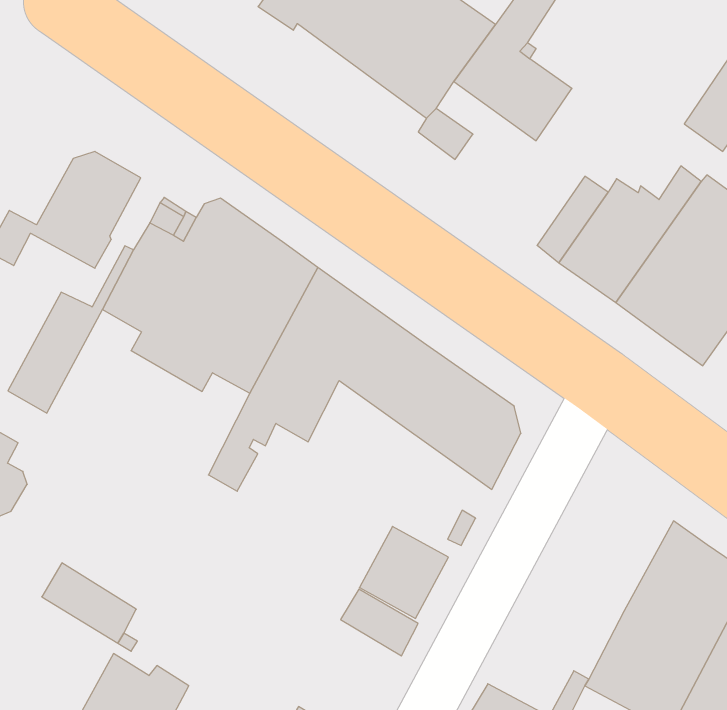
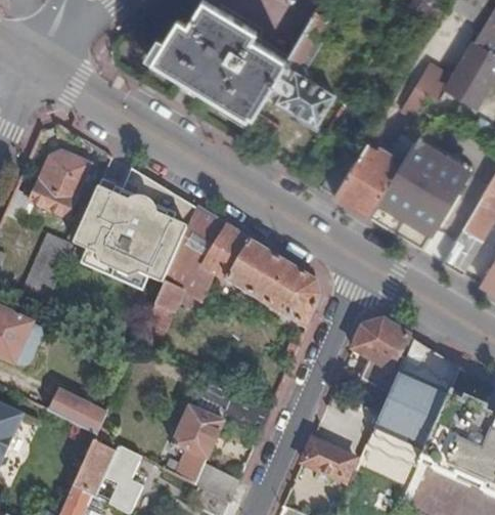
building: none -> [354,320,413,393]
building: [359,526,448,618] -> [174,406,224,459]

